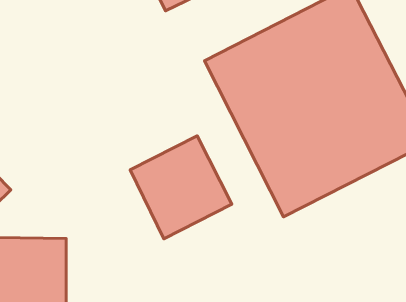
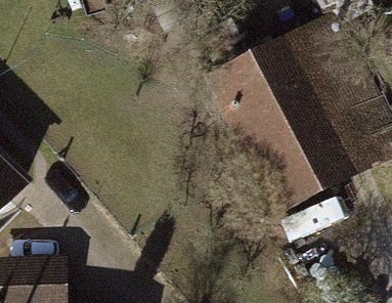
building: [130,136,232,239] -> none

